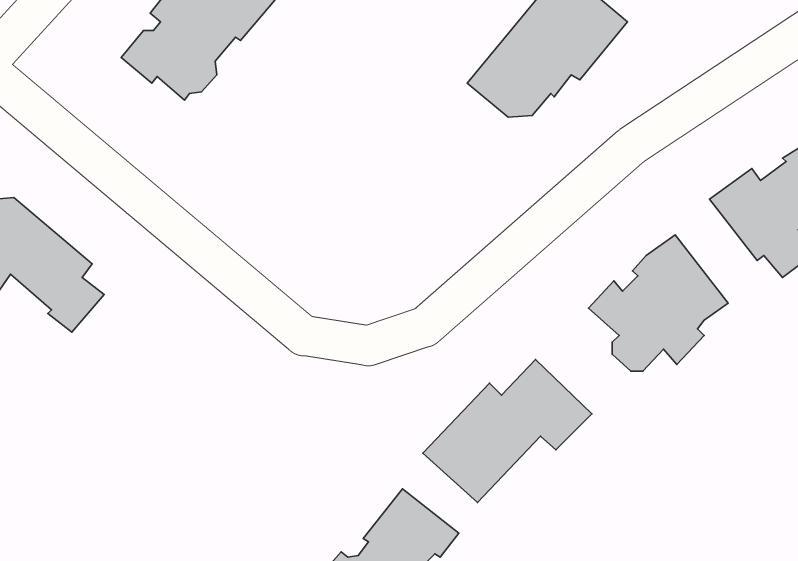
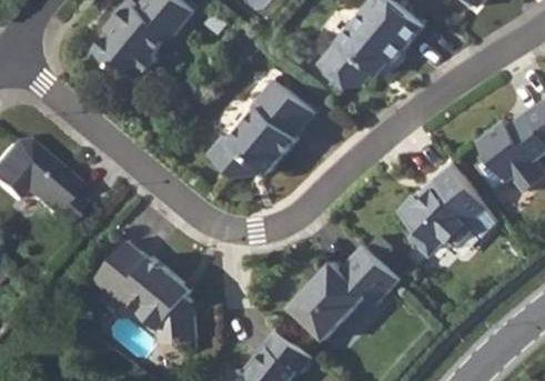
building: none -> [209,79,315,174]
building: none -> [92,240,195,342]

